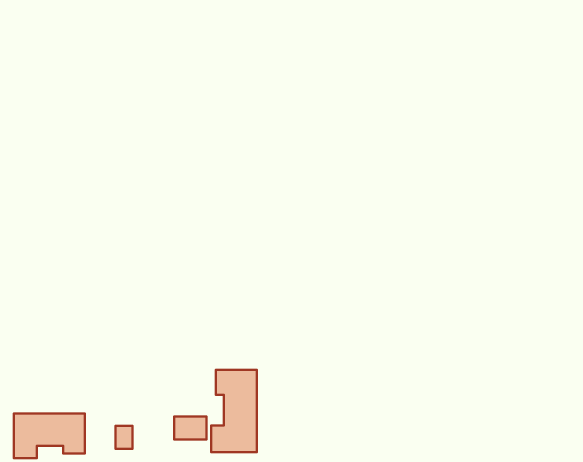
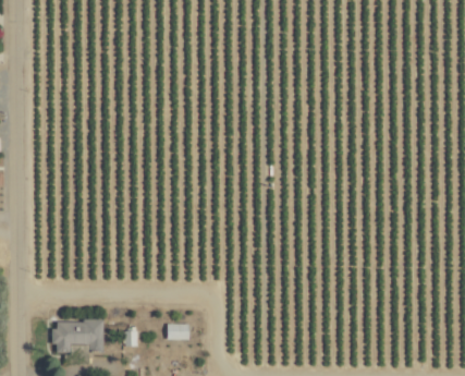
building: [211,370,257,452] -> none

